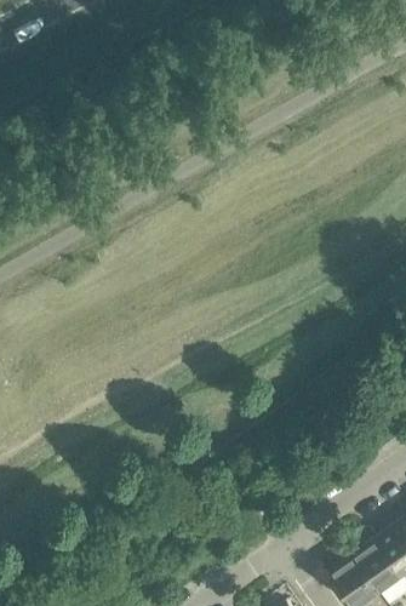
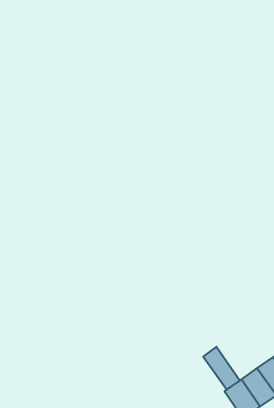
building: none -> [203,347,240,390]

